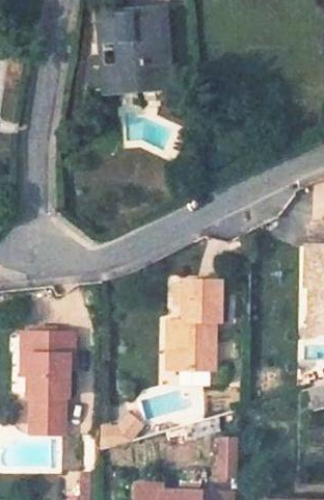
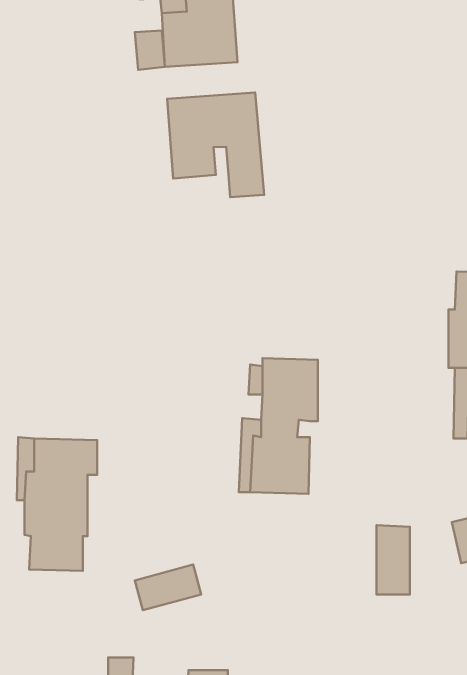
building: none -> [167,92,264,197]
building: [218,437,240,482] -> [377,525,410,594]

